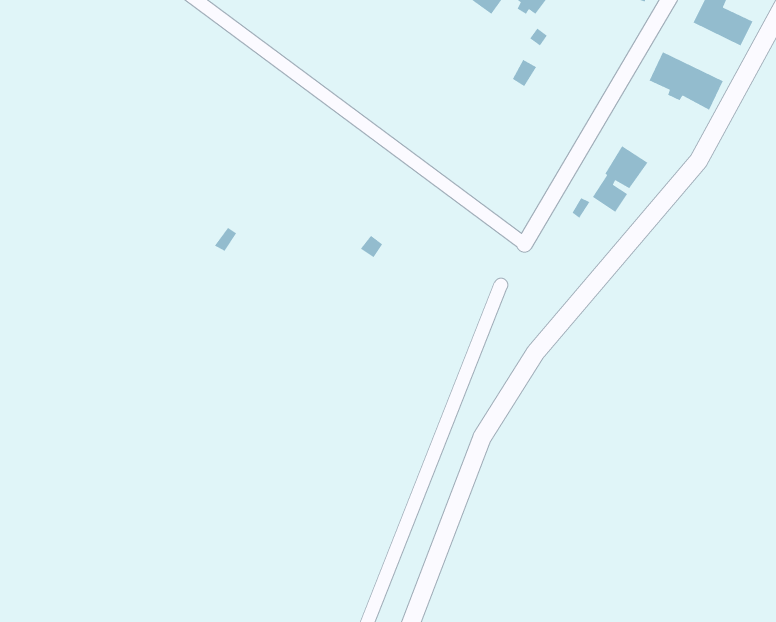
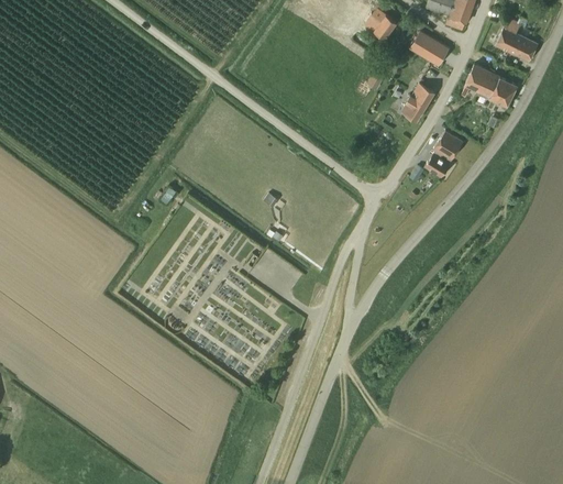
building: none -> [416,35,453,67]
building: none -> [401,83,433,120]

